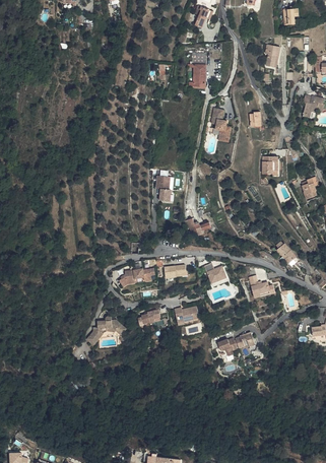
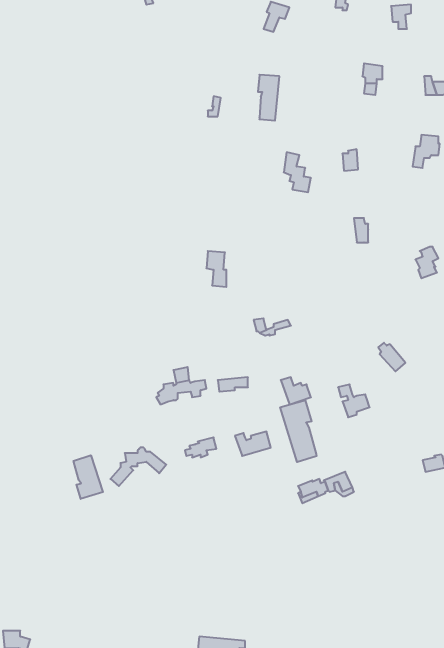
building: none -> [280,400,317,462]
building: none -> [73,455,103,499]

